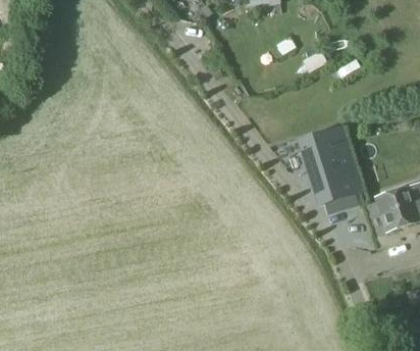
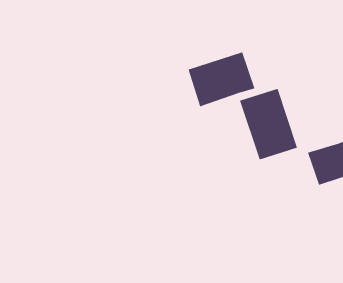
building: none -> [188,51,255,107]

